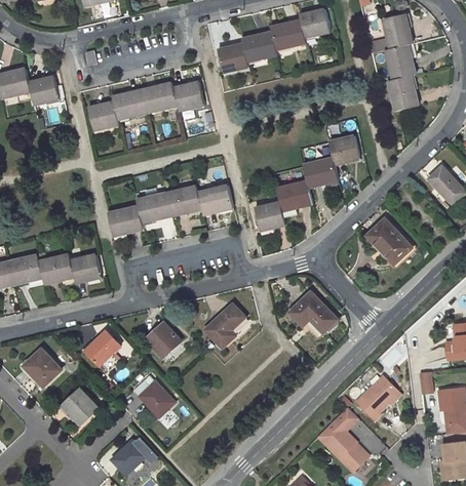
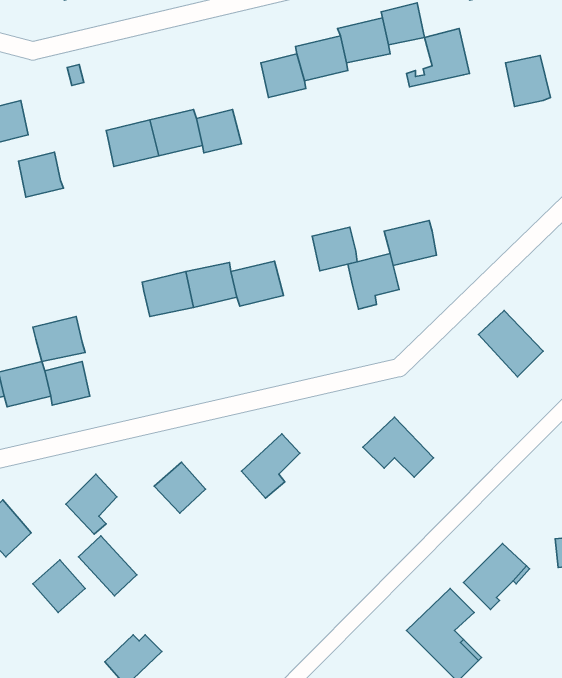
building: [370,12,413,52] -> [407,28,470,87]
building: [387,75,418,111] -> none
building: [88,100,119,131] -> [18,152,63,197]
building: [328,133,359,164] -> none
building: [255,201,285,231] -> [312,227,357,271]
building: [108,205,144,236] -> [33,317,85,362]
building: [133,375,173,416] -> [78,536,137,596]

